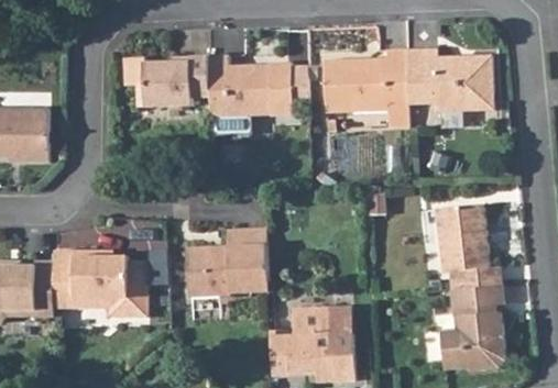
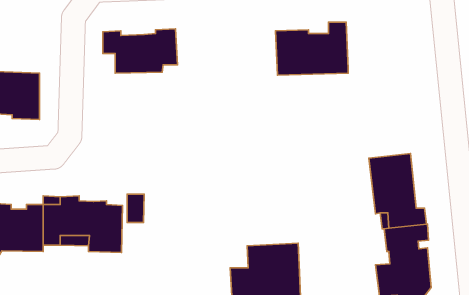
building: [406,48,492,110] -> none
building: [207,55,294,115] -> none
building: [186,225,269,296] -> none

